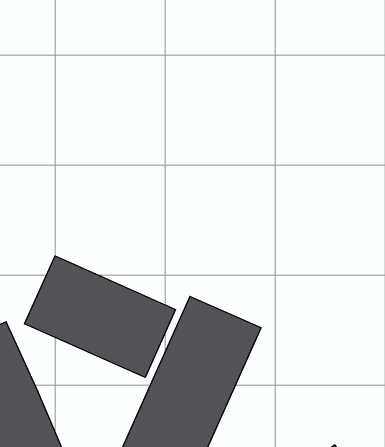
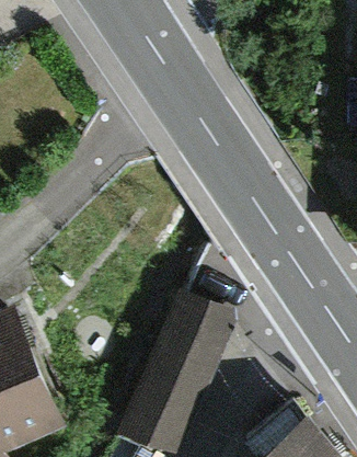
building: [25,256,176,377] -> none

